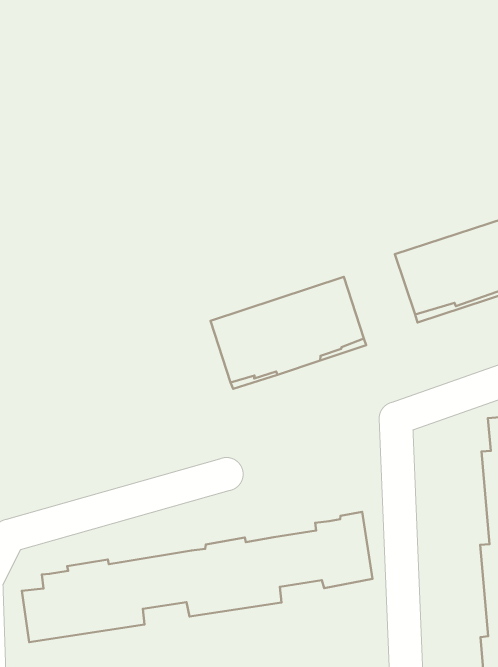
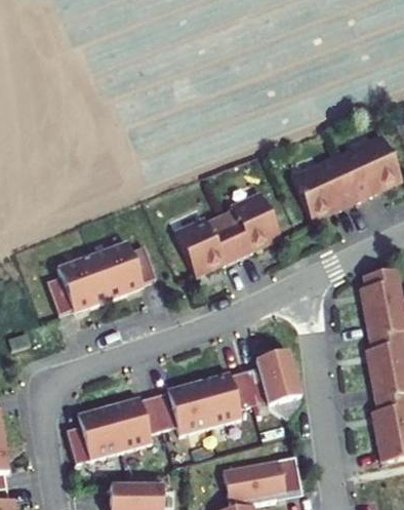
building: none -> [45,242,155,314]

